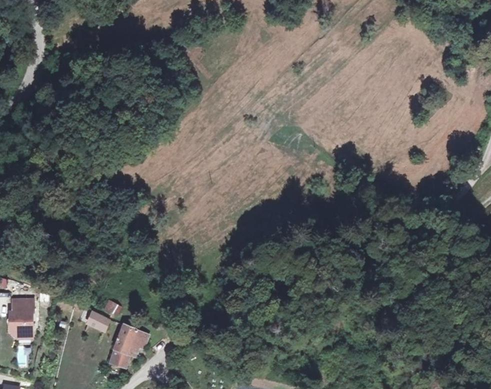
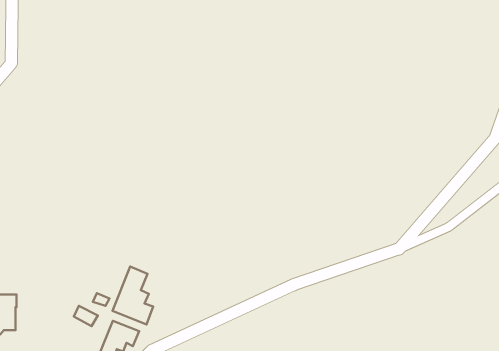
building: none -> [112,267,153,324]

